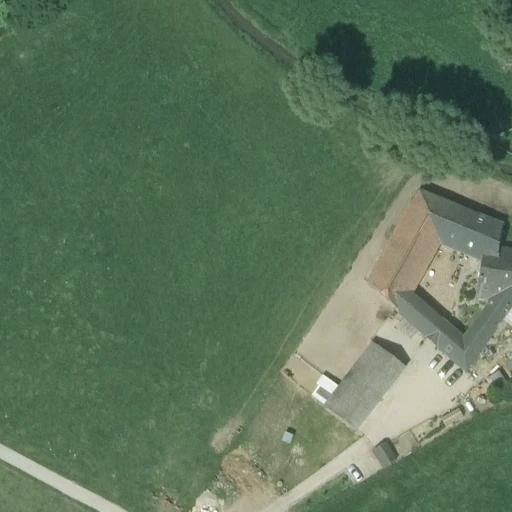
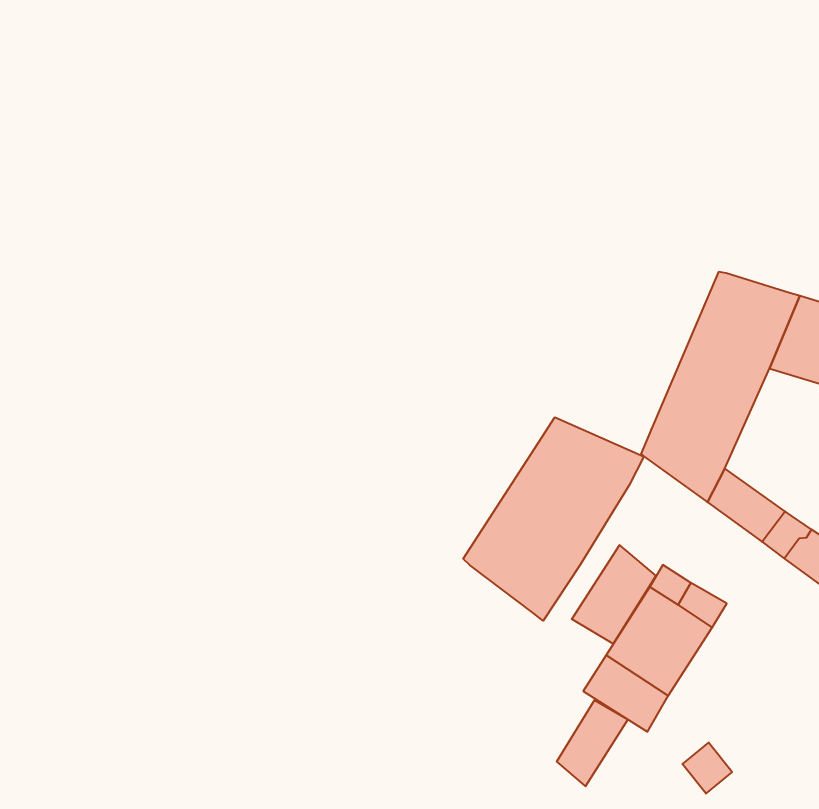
building: none -> [463,417,644,621]
building: none -> [572,545,656,644]
building: none -> [557,700,628,786]

